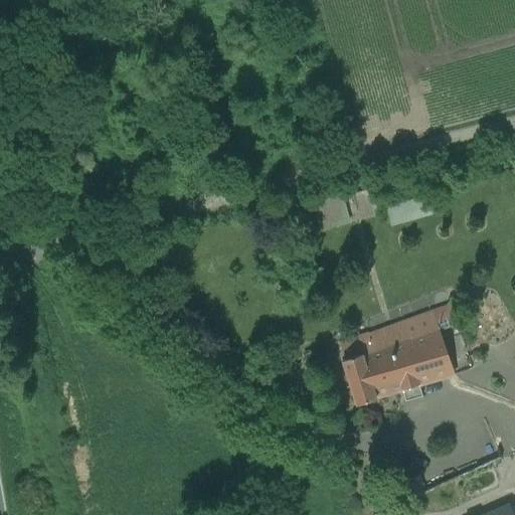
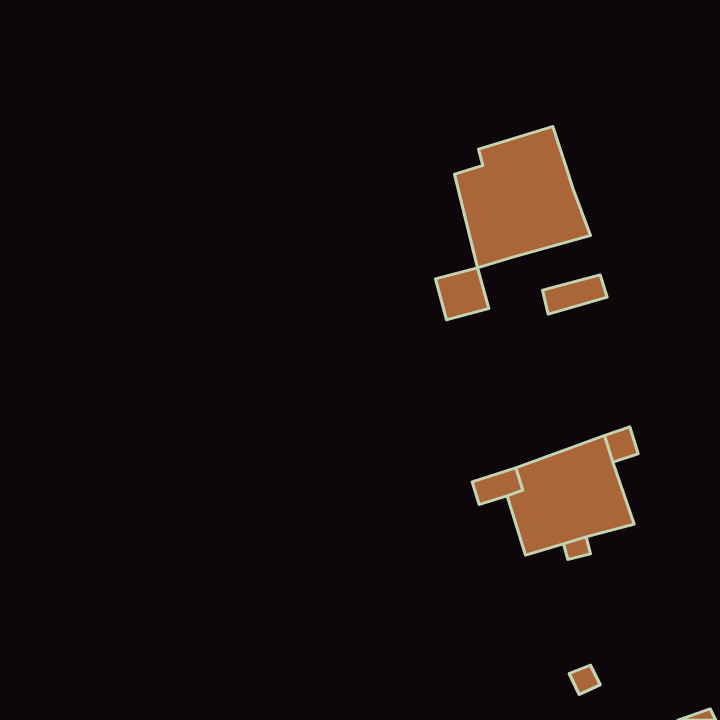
building: none -> [454,127,590,268]
building: [342,354,376,403] -> none

